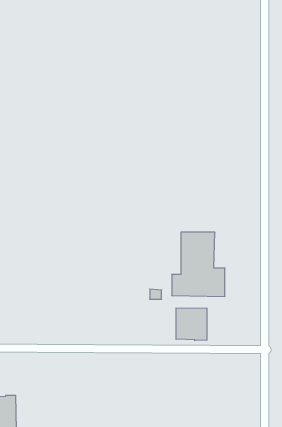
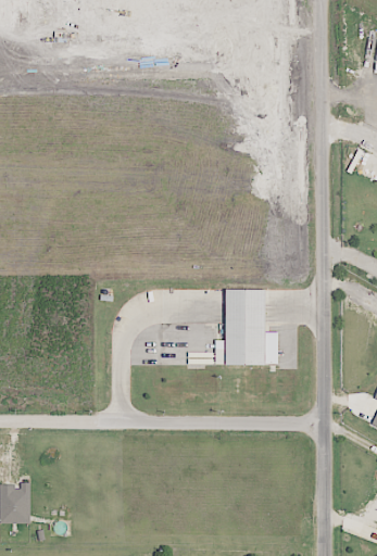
building: [176,308,207,341] -> none

